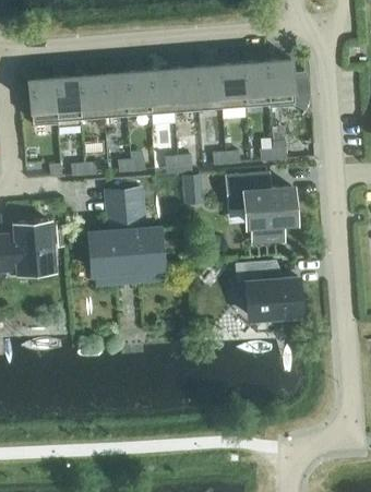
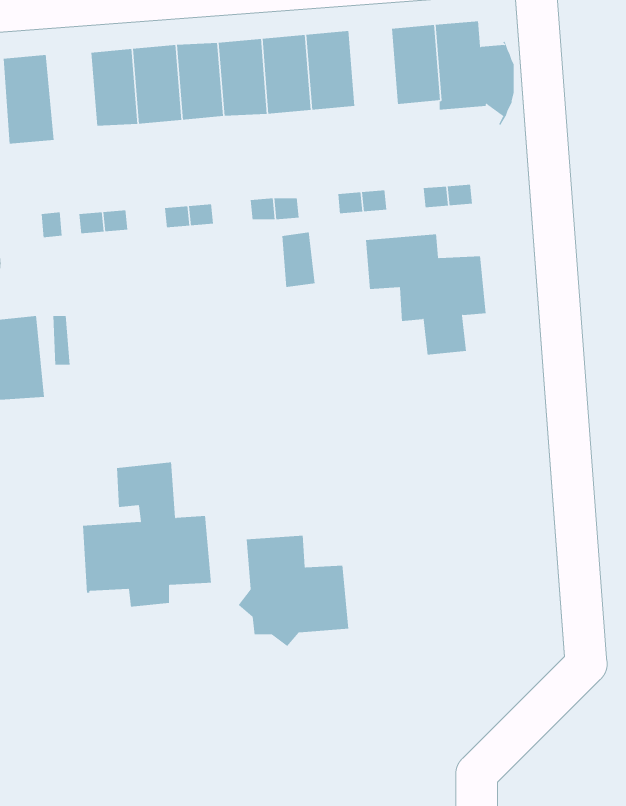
building: [218,63,244,106] -> none
building: [52,76,80,128] -> none
building: [89,199,160,278] -> [82,462,212,607]
building: [239,262,300,323] -> [238,535,349,647]

